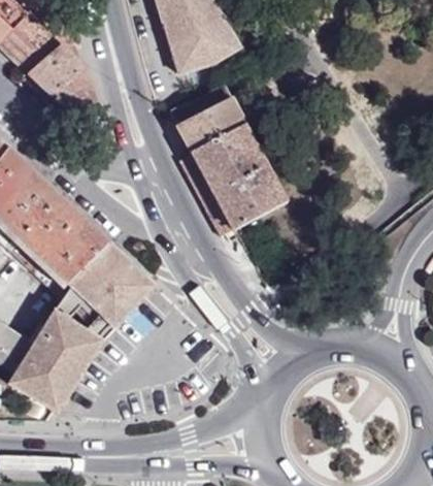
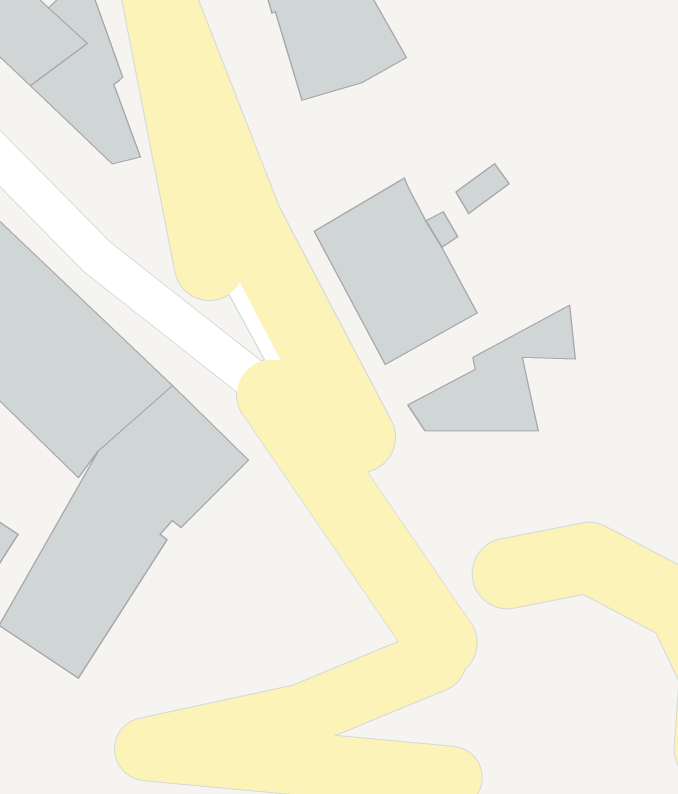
building: [170,80,253,152] -> none
building: none -> [408,305,575,431]

